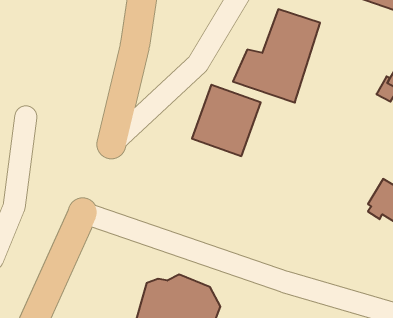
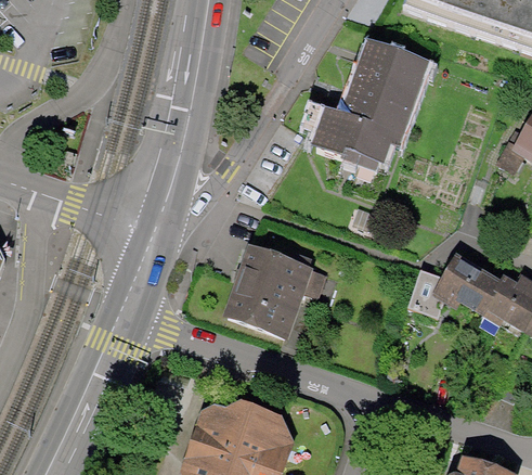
building: [192,85,261,156] -> [225,251,314,343]
building: none -> [407,249,502,316]

